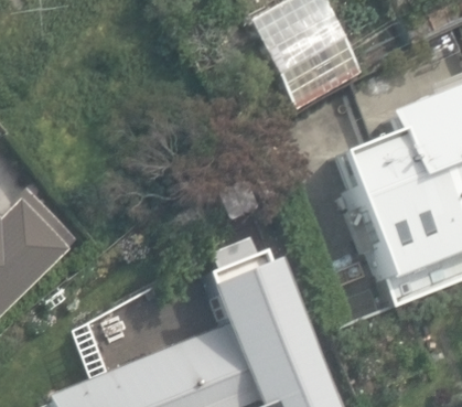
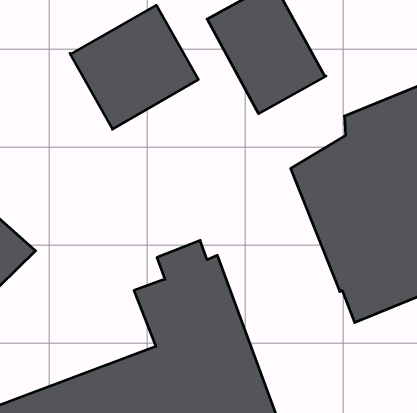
building: none -> [70,5,198,129]

